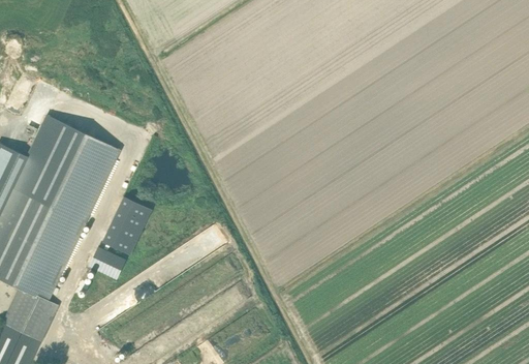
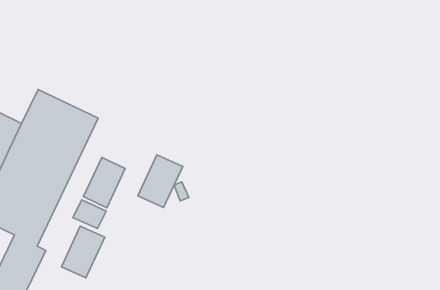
building: none -> [138,155,183,208]
building: none -> [61,226,105,278]

